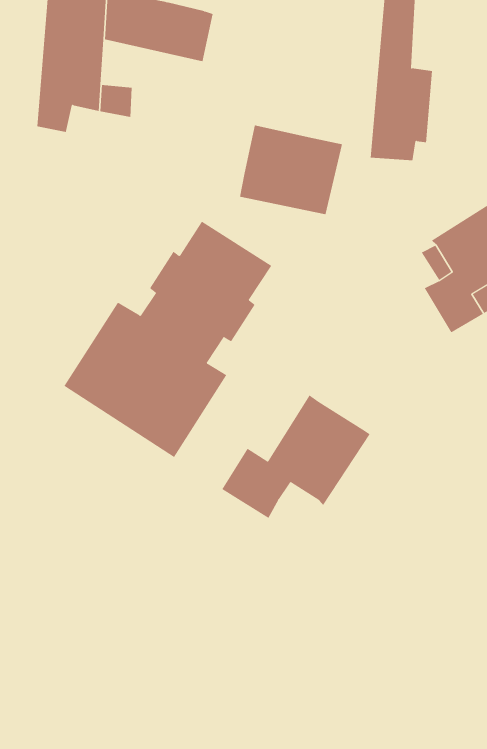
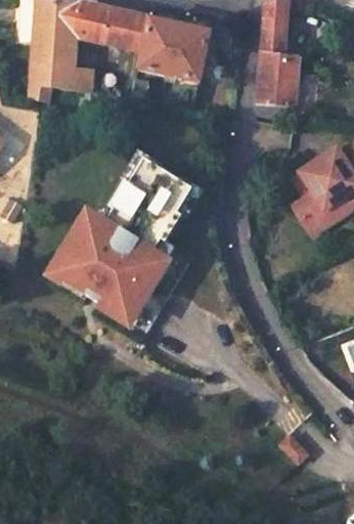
building: [239,125,343,215] -> [139,17,210,79]
building: [221,394,371,519] -> none

